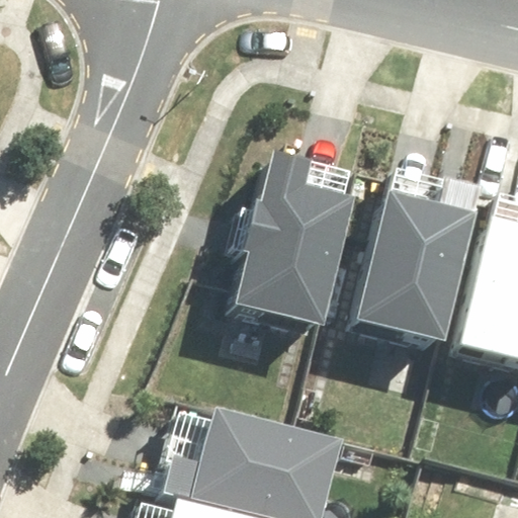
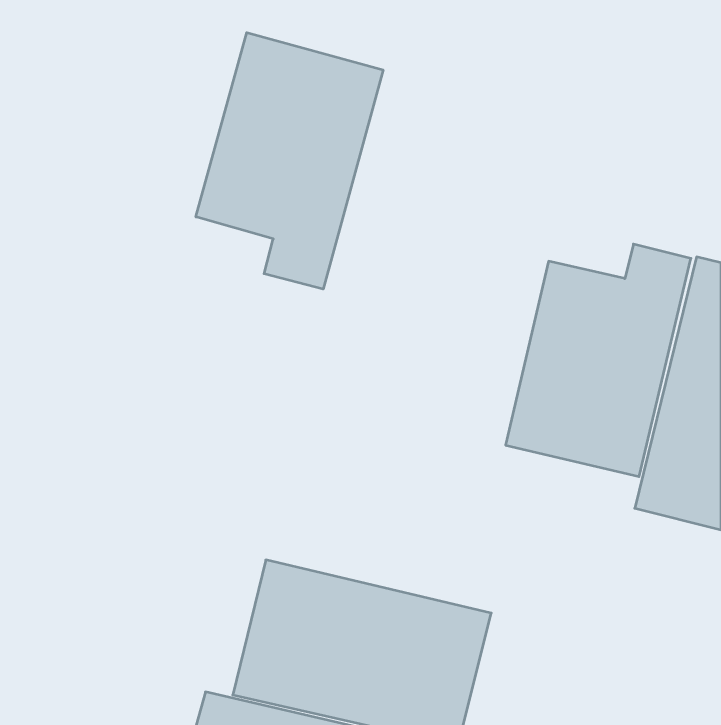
building: none -> [196,33,383,289]
building: [231,149,359,329] -> none

